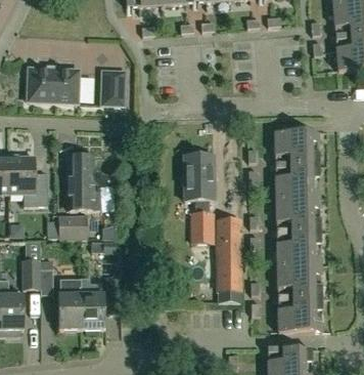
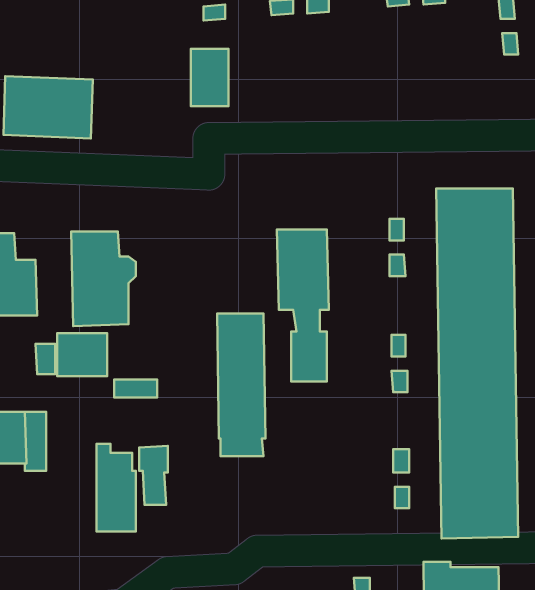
building: [103,70,125,102] -> [191,49,228,106]
building: [215,219,242,301] -> [217,313,265,456]
building: [58,278,81,329] -> none

